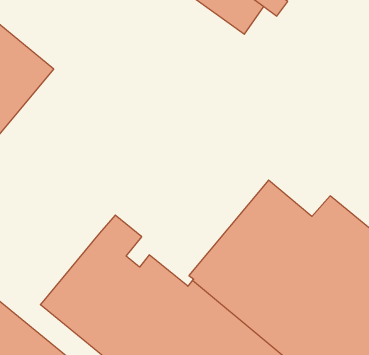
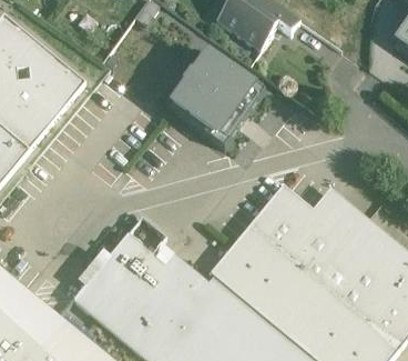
building: none -> [162,47,259,142]

